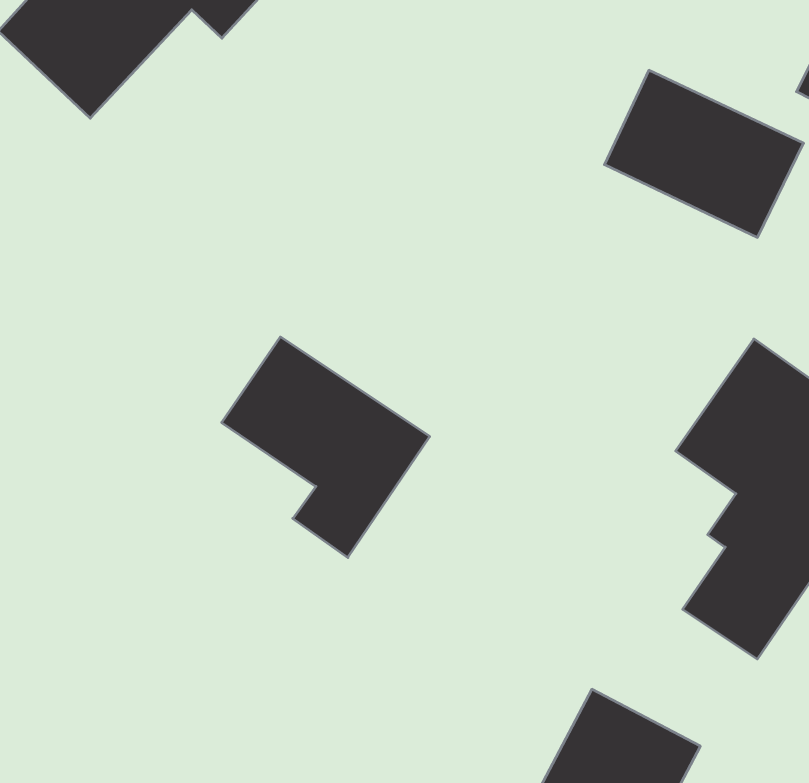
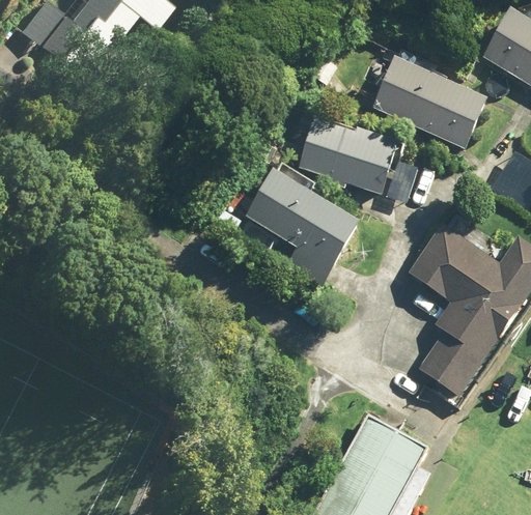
building: none -> [299,115,402,195]
building: [222,337,430,558] -> [242,164,363,292]

